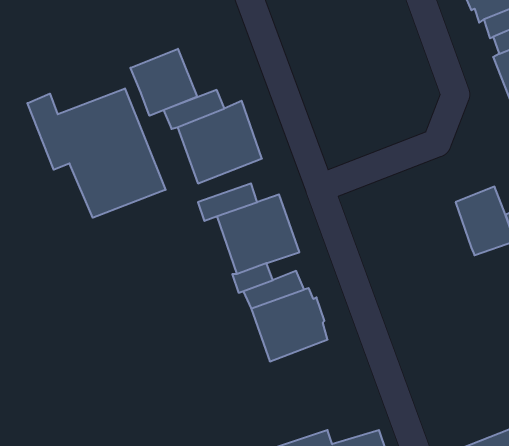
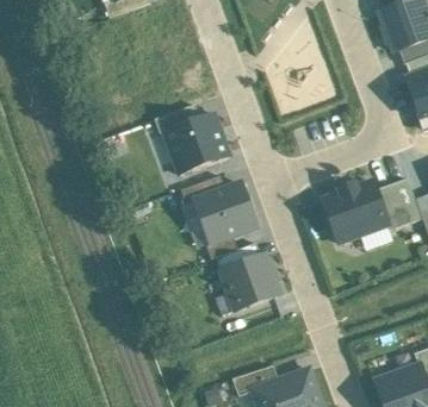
building: [130,49,197,116] -> none
building: [27,88,166,218] -> none
building: none -> [323,182,389,243]

